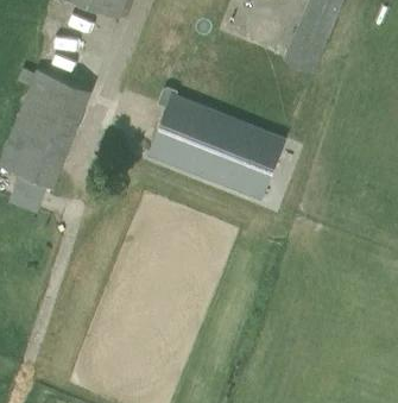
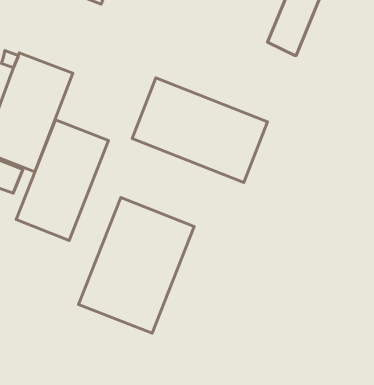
building: none -> [16,120,108,240]
building: none -> [79,198,194,333]

